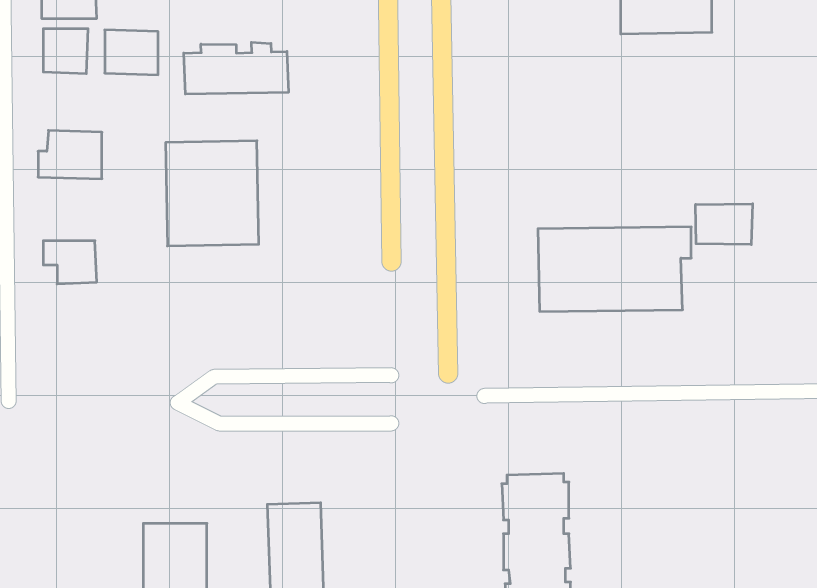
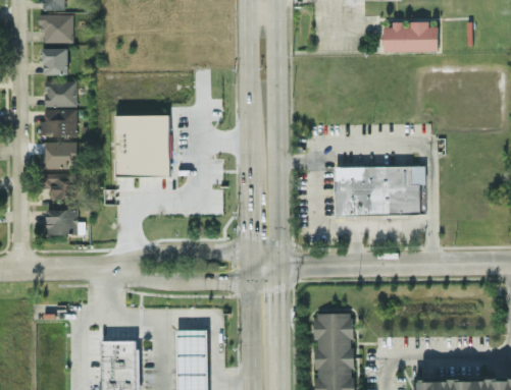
building: [105,30,158,75] -> [45,80,76,107]
building: [184,42,288,94] -> none
building: none -> [40,142,74,169]
building: [696,204,753,245] -> none
building: none -> [47,210,84,235]

